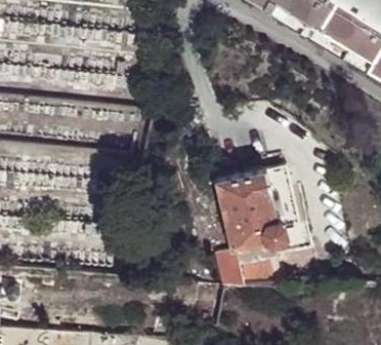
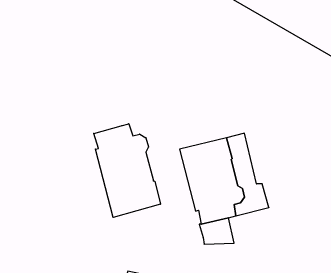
building: none -> [94,124,160,217]

